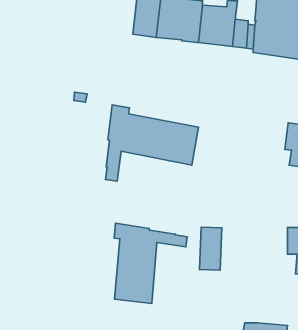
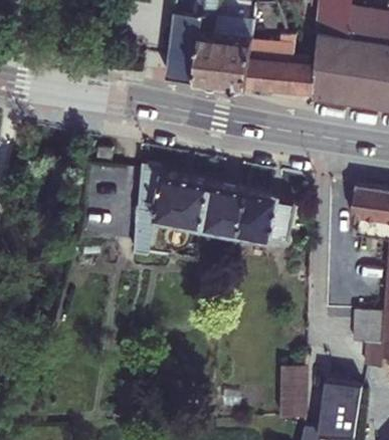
building: none -> [239,190,295,242]
building: [114,223,187,304] -> none
building: [200,227,222,270] -> [279,368,307,420]
building: none -> [319,381,362,430]

